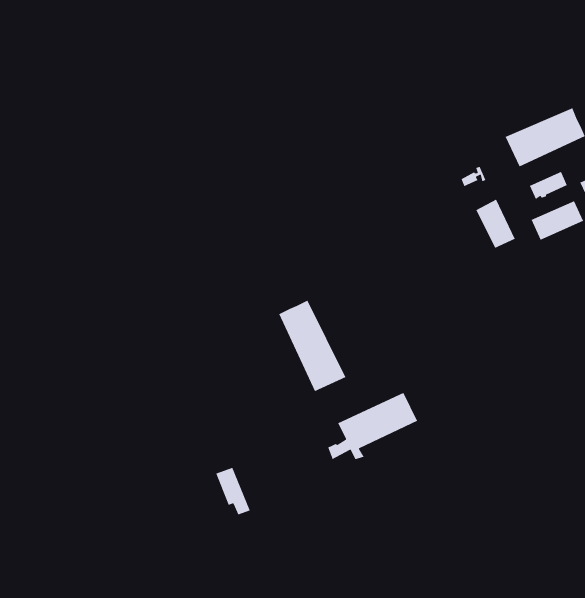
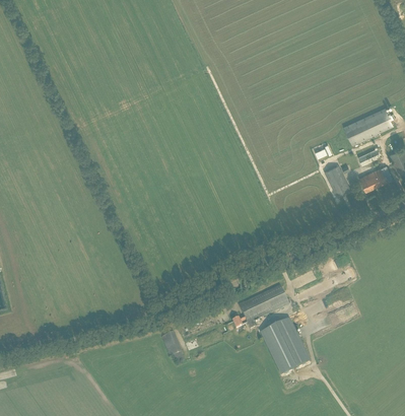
building: [278,300,346,392] -> none
building: none -> [261,318,310,374]

